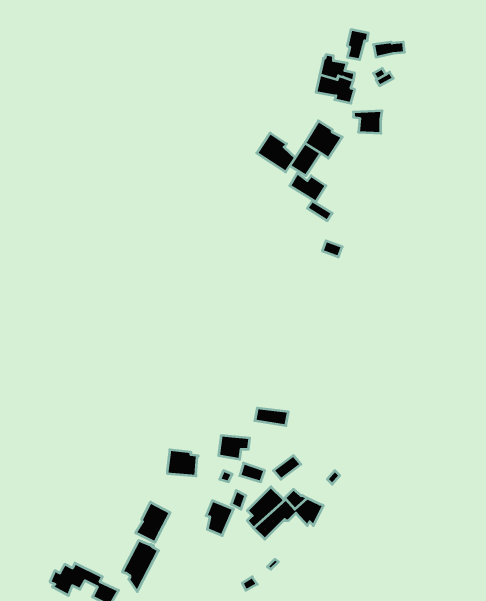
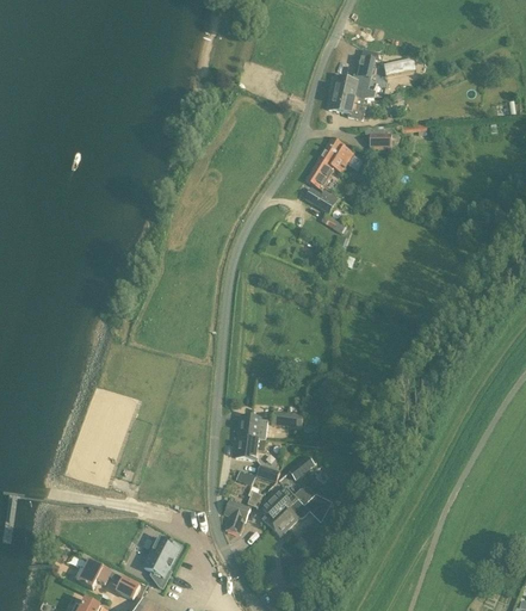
building: [257,133,295,172] -> none
building: [167,450,198,476] -> [239,415,268,440]
building: [136,502,170,542] -> none

